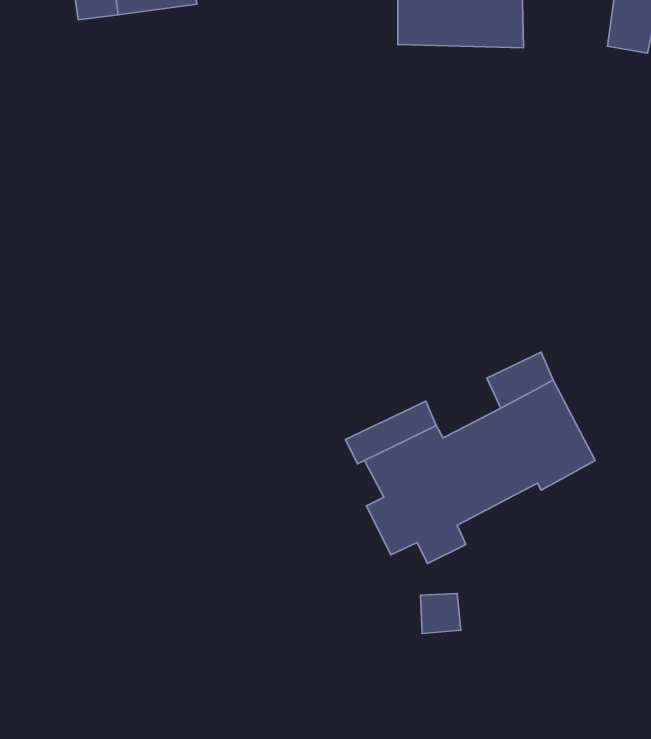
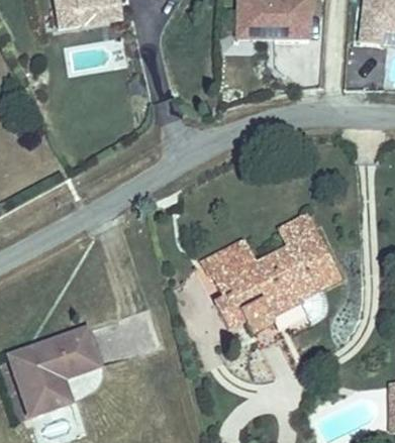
building: none -> [6,325,99,413]

